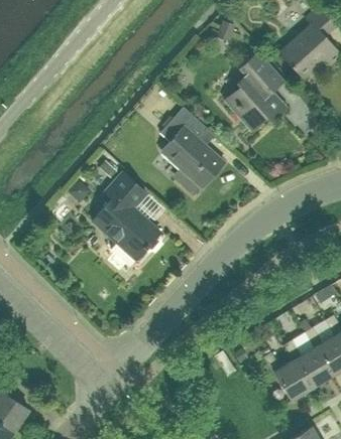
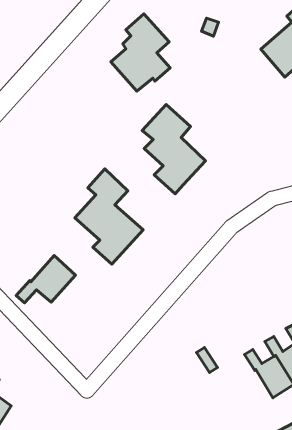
building: [225,52,285,130] -> [111,14,170,91]
building: none -> [16,256,76,303]

